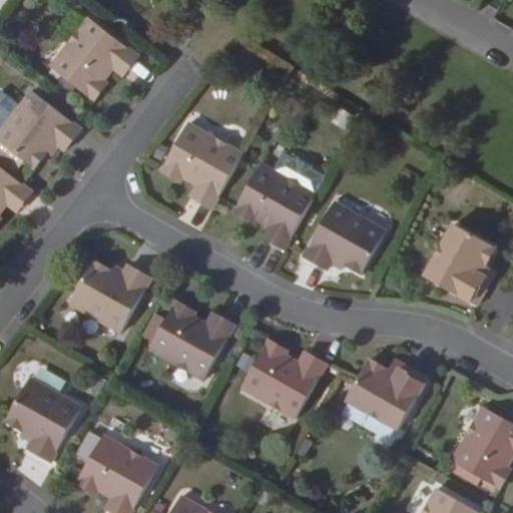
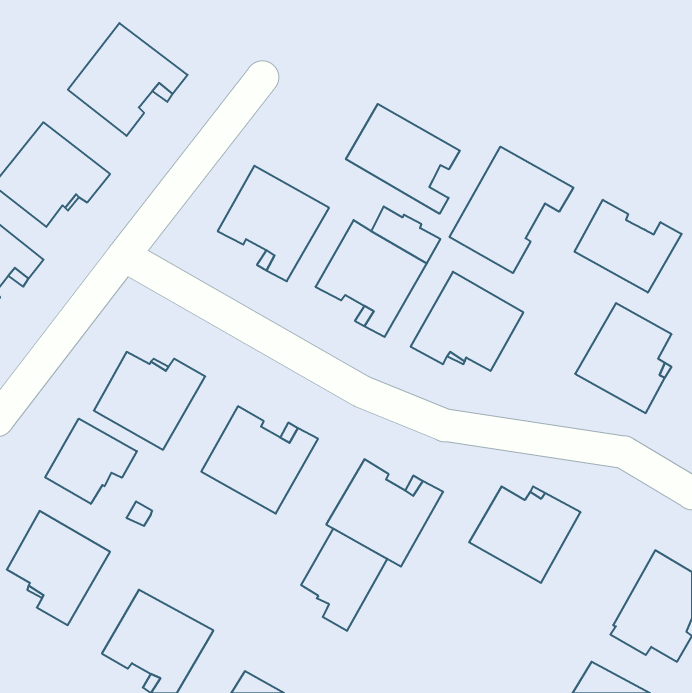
building: none -> [346,104,460,214]
building: none -> [450,147,573,273]
building: none -> [575,200,682,293]
building: none -> [45,419,137,504]
building: none -> [301,529,387,631]

